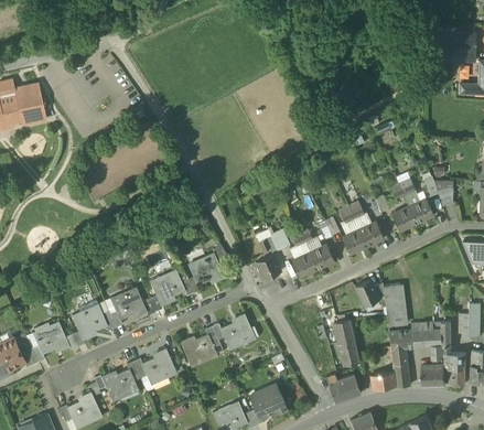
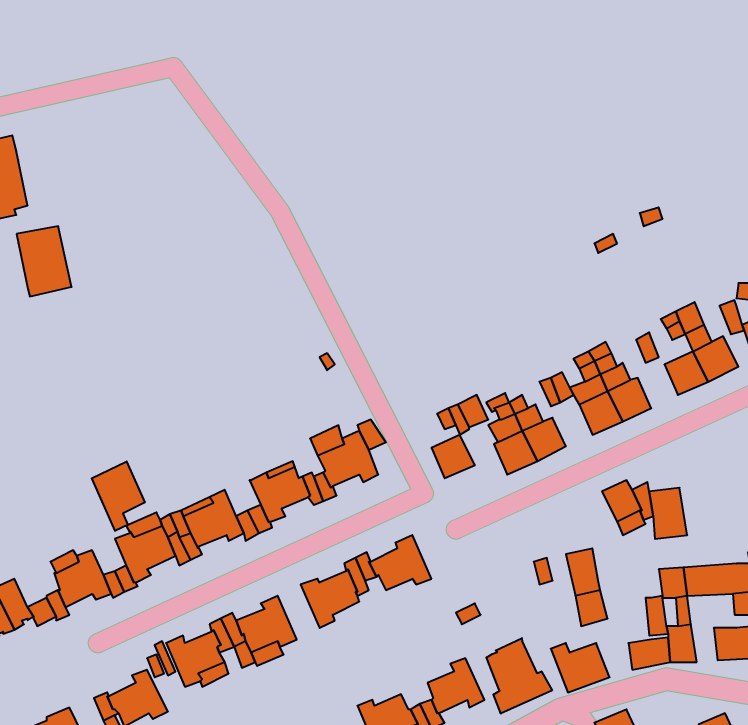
building: [14,85,46,126] -> [17,226,72,296]
building: none -> [92,461,145,531]
building: [386,313,433,333] -> none
building: none -> [486,638,552,714]

